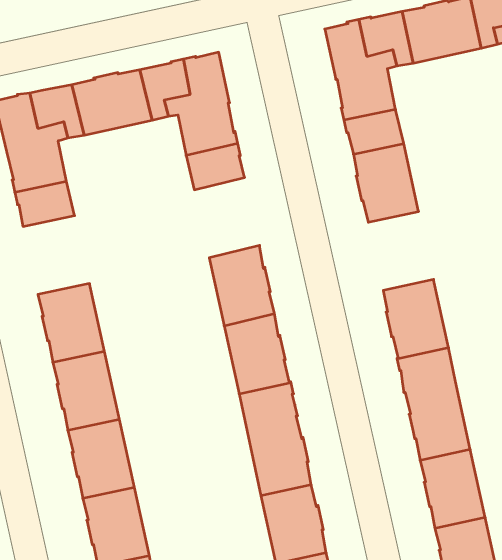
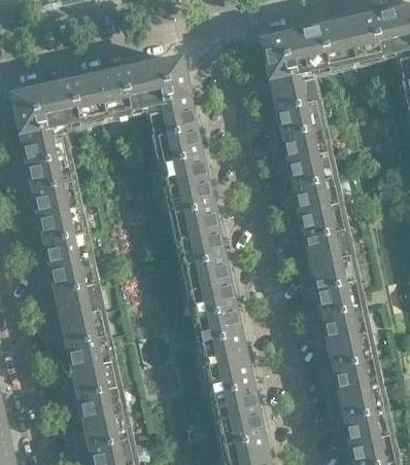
building: none -> [163,150,212,211]
building: none -> [295,176,344,236]
building: none -> [33,179,83,239]

